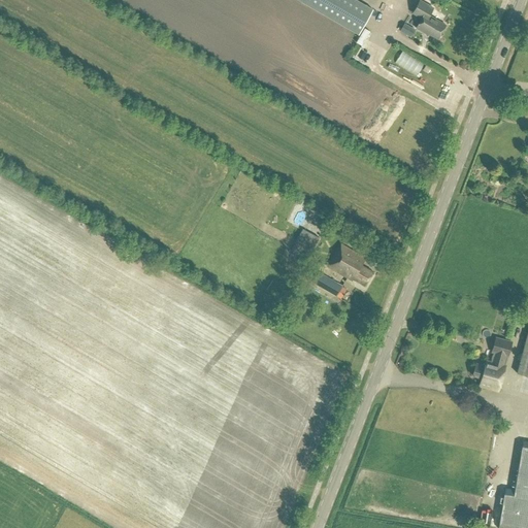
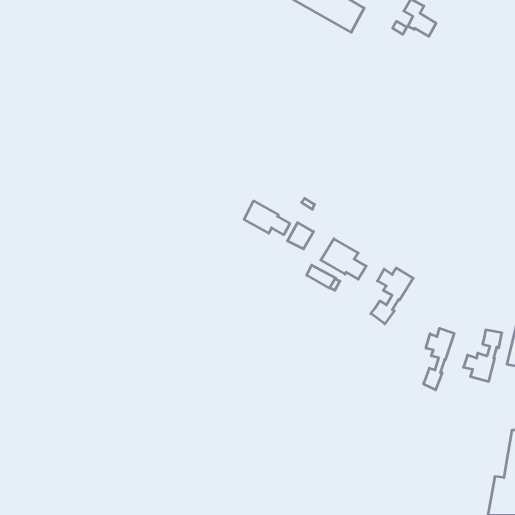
building: none -> [244,201,290,235]
building: none -> [371,268,413,324]
building: none -> [424,328,454,390]

